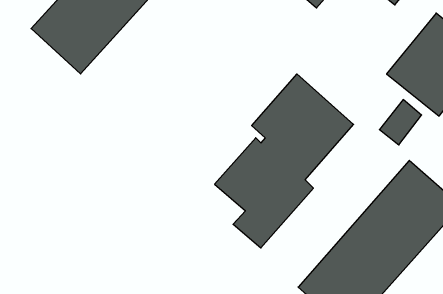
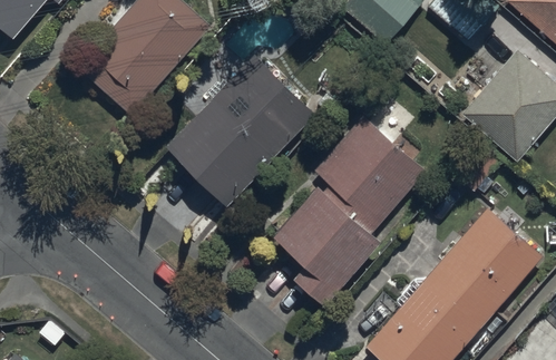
building: none -> [166,55,315,206]

